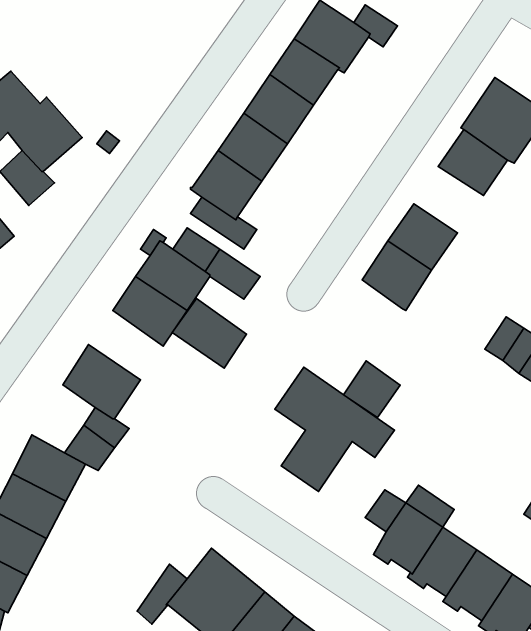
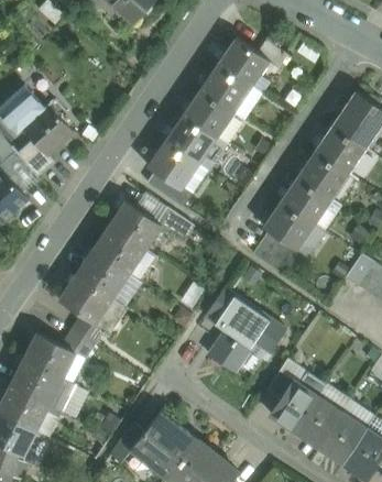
building: none -> [299,152,347,197]
building: [172,299,247,368] -> [78,250,129,297]
building: [344,361,400,417] -> [253,232,292,271]

